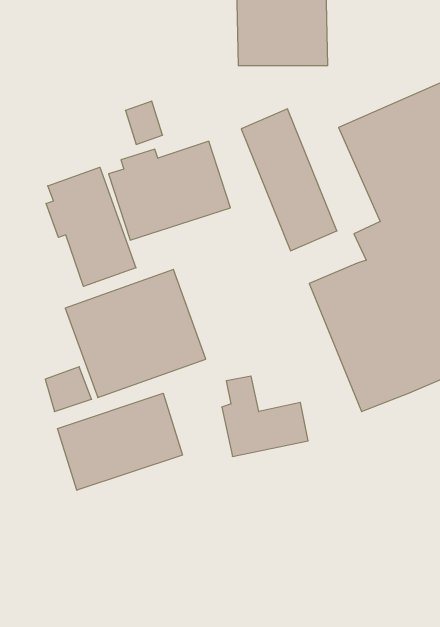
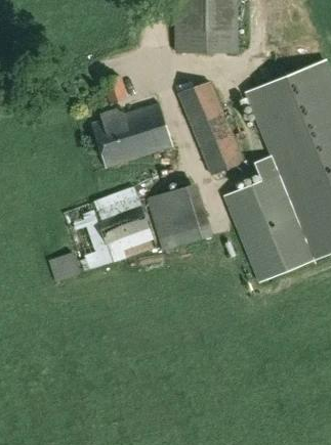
building: [46,167,136,286] -> none
building: [222,376,308,456] -> [162,193,219,247]
building: [57,393,183,490] -> none

